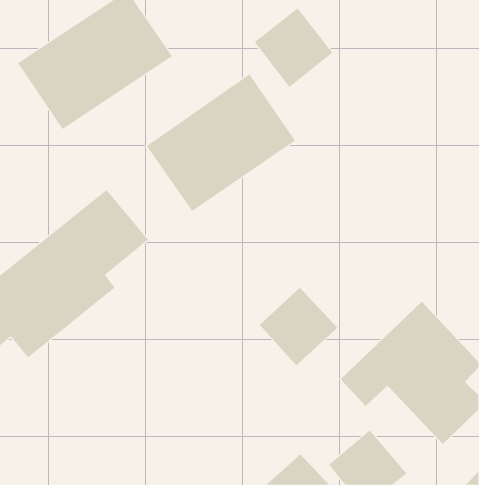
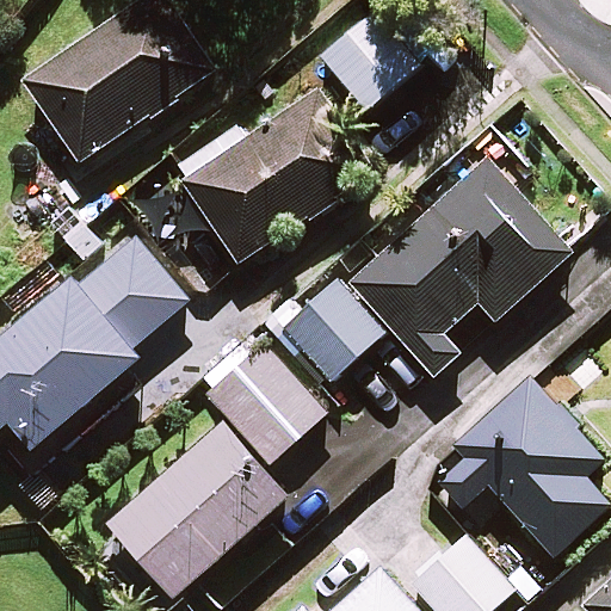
building: none -> [347,158,572,377]
building: none -> [106,341,323,597]
building: [259,287,338,366] -> [283,280,382,379]

